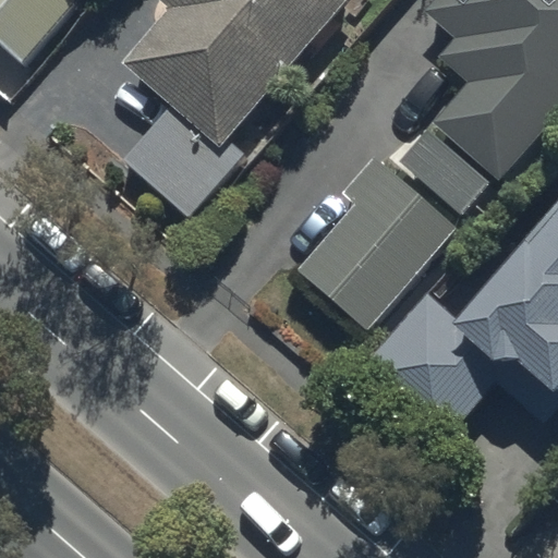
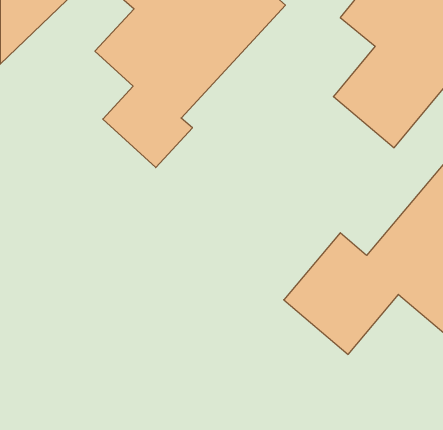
building: [290,171,445,328] -> none

